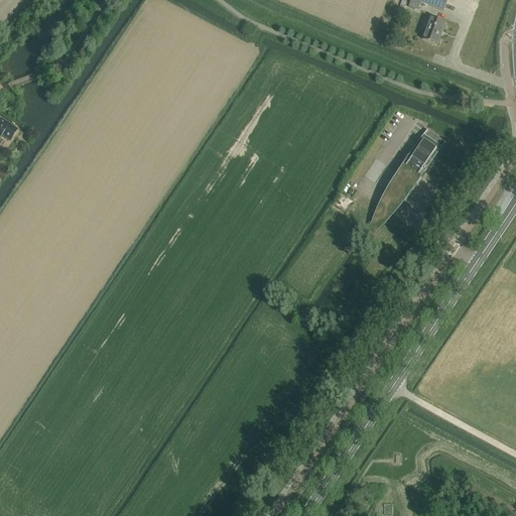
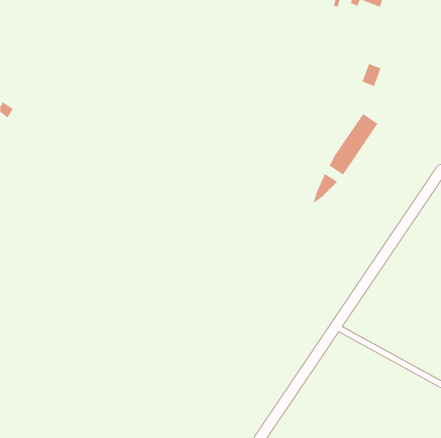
building: [422,14,445,42] -> [362,63,381,87]

